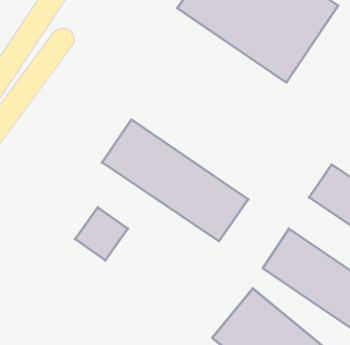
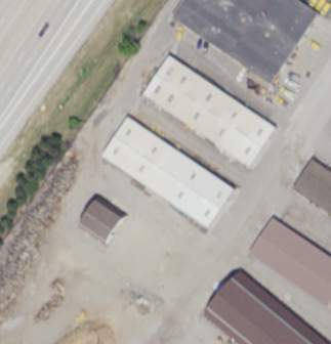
building: none -> [142,55,276,165]

